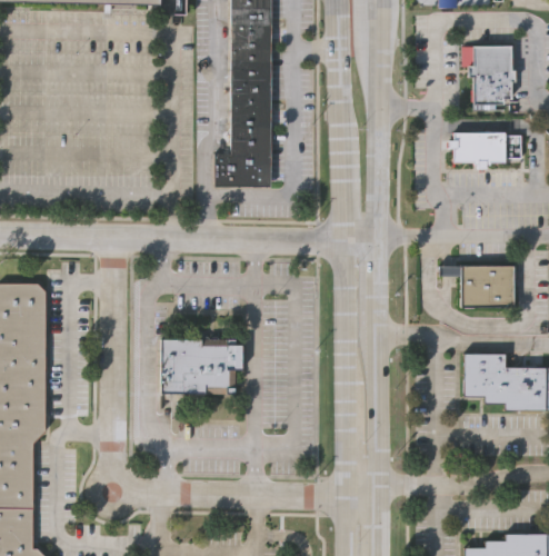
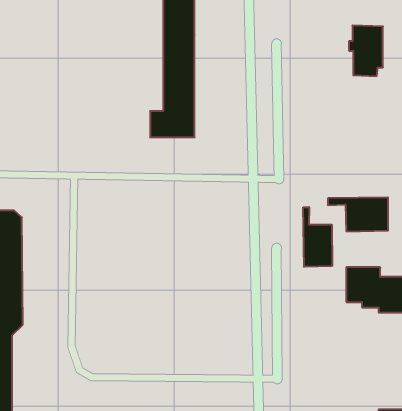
building: [452,135,520,170] -> none
building: none -> [303,207,332,267]
building: [162,336,246,393] -> none

